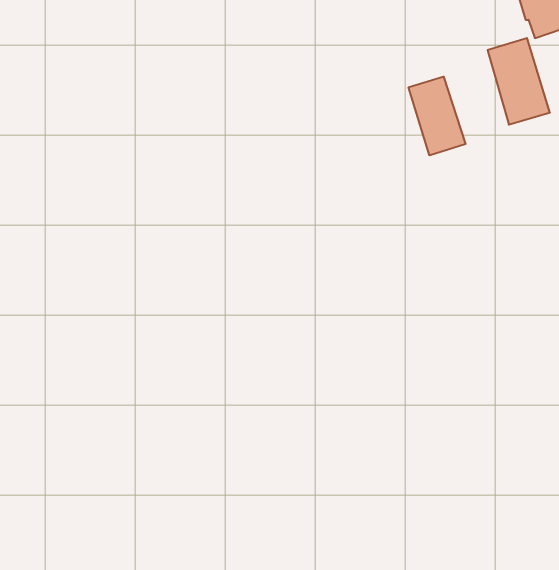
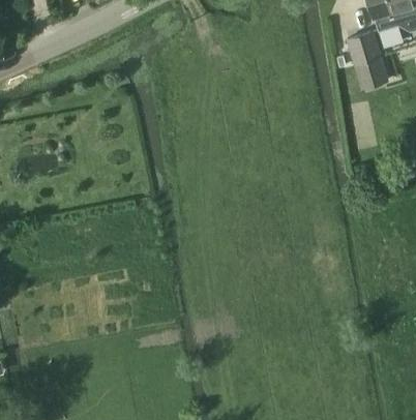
building: [409,77,466,155] -> none

